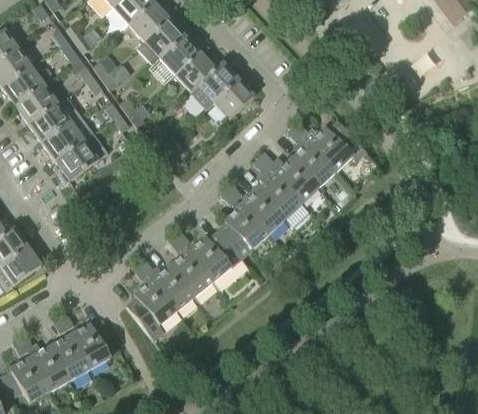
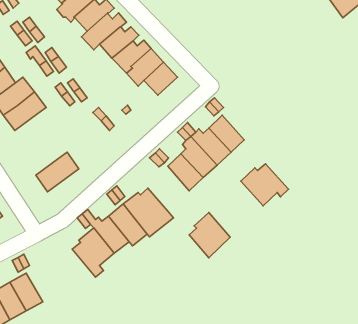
building: [306,121,364,172] -> [241,164,289,206]
building: [54,133,106,181] -> [36,152,79,192]
building: [216,204,266,259] -> [189,213,230,258]
building: [68,320,113,369] -> none

